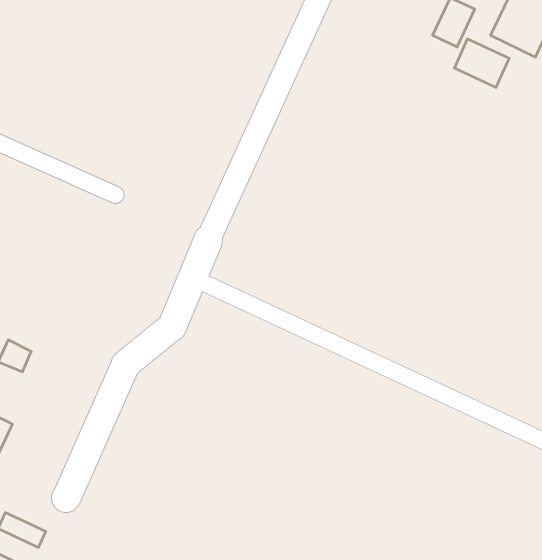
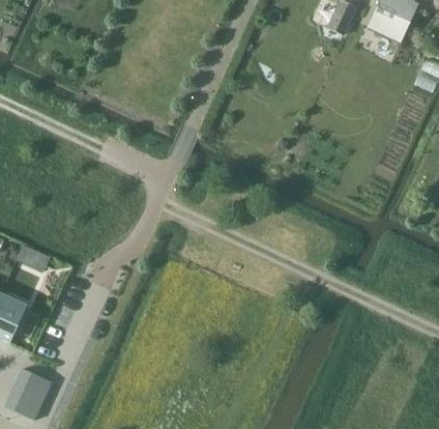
building: [454,39,509,87] -> none

